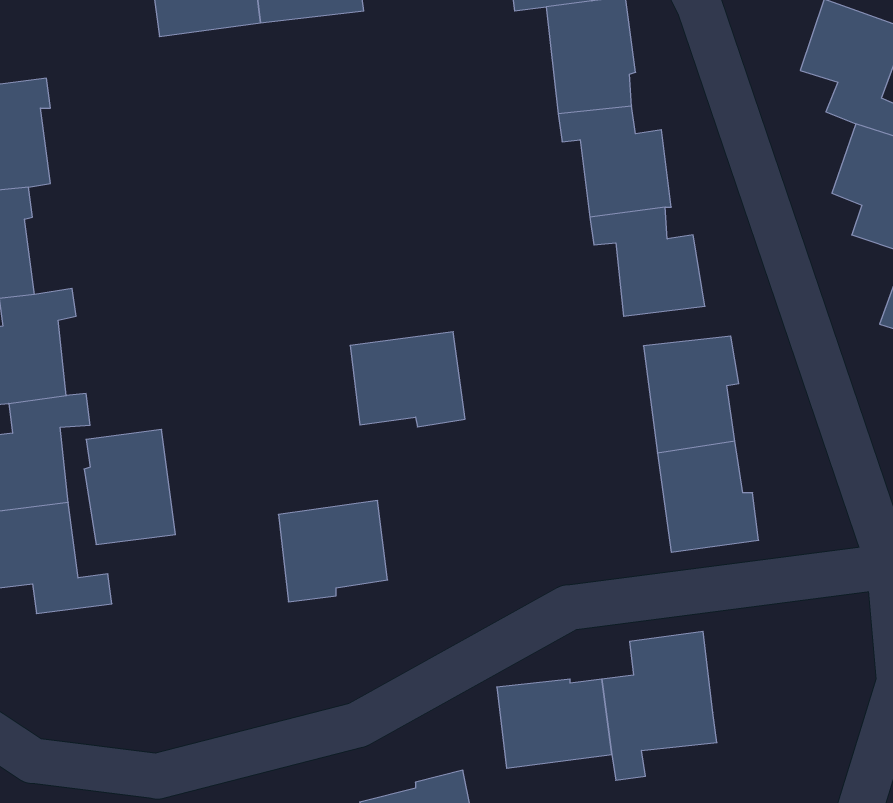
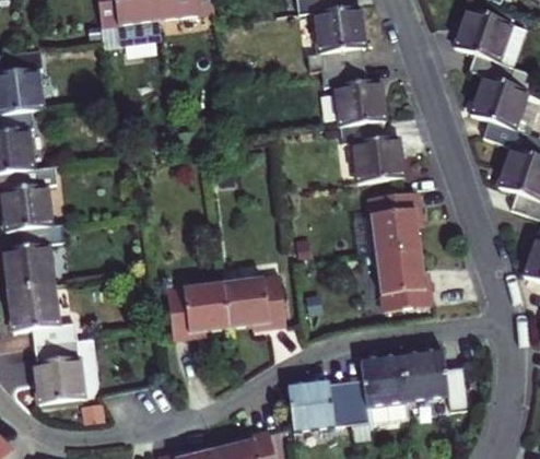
building: [350,332,465,427] -> [223,275,286,328]
building: [84,429,175,544] -> [34,340,84,403]
building: none -> [402,350,469,411]

